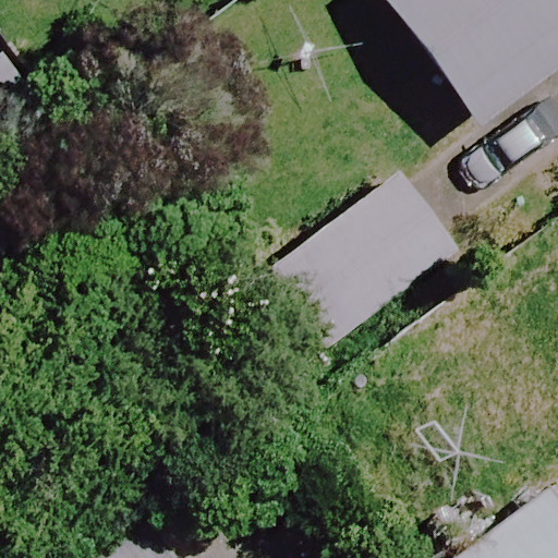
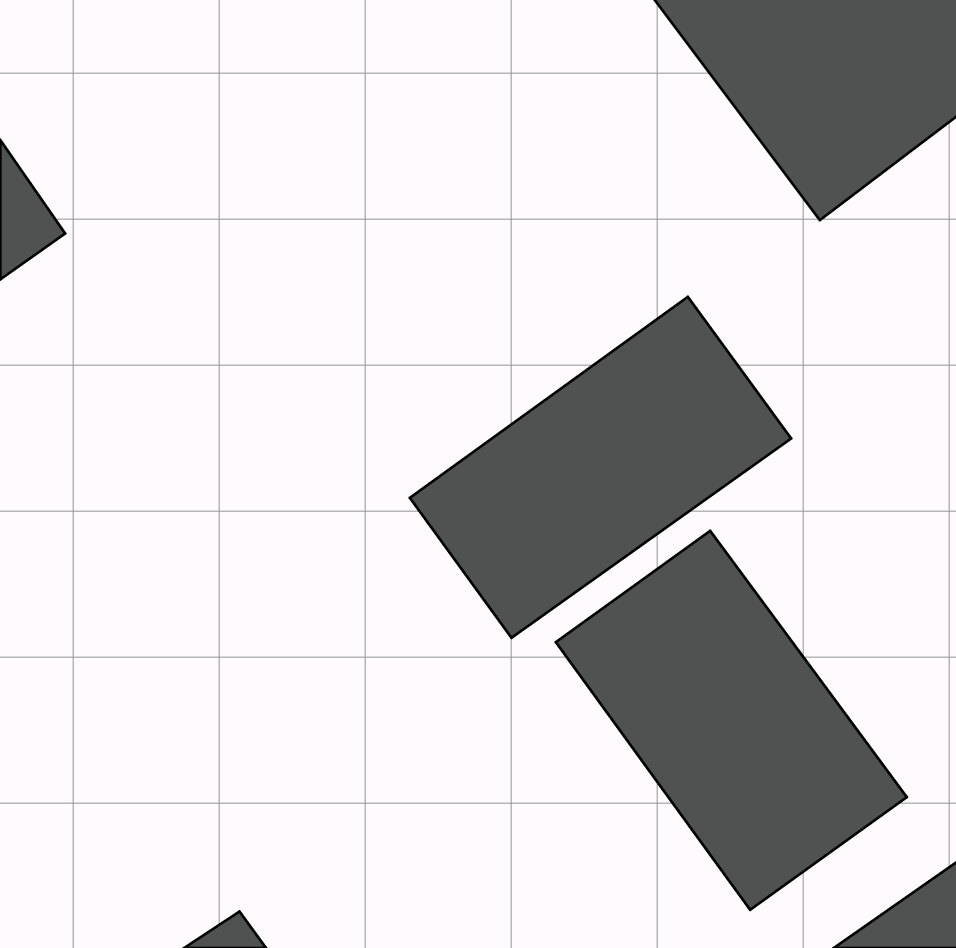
building: none -> [556,531,907,910]

